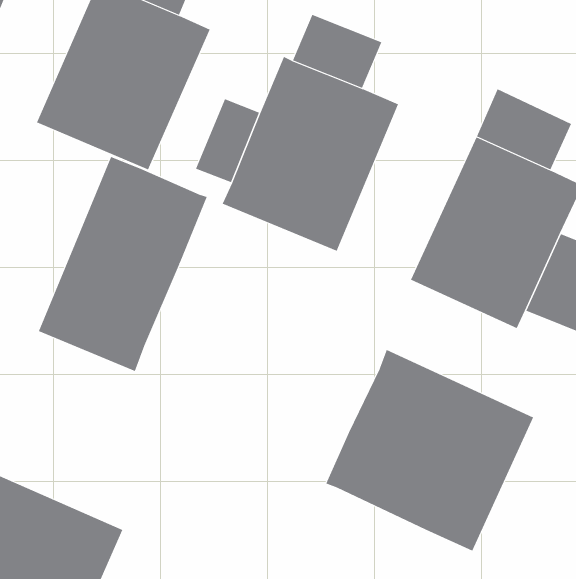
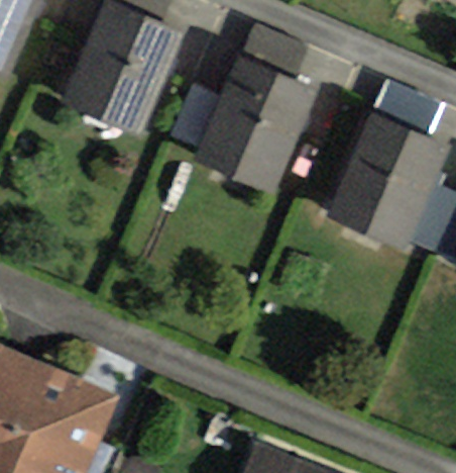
building: [38,156,208,372] -> none
building: [325,349,534,552] -> none

